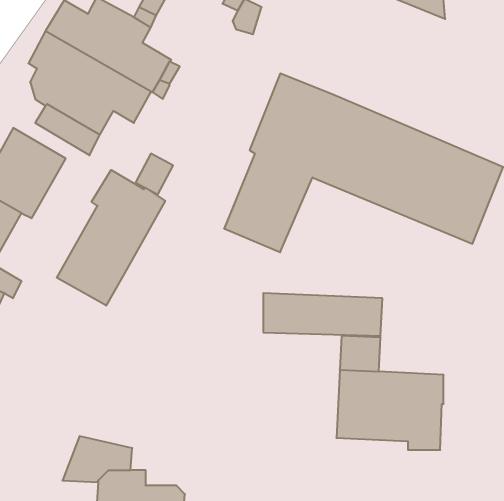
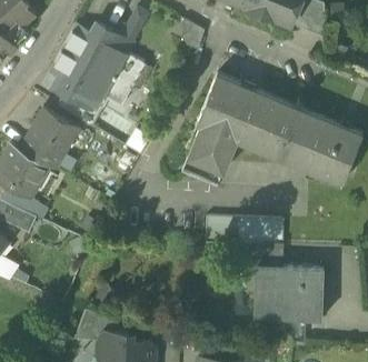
building: [57,170,165,306] -> none

